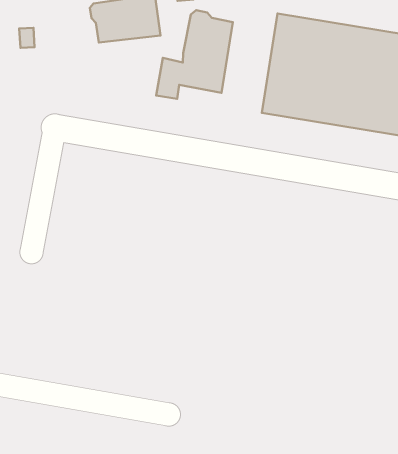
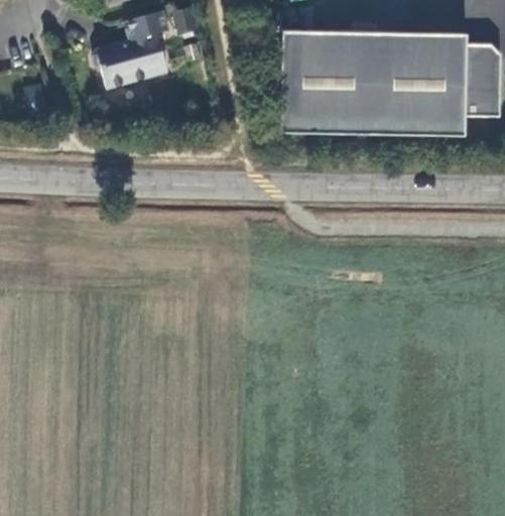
building: [156,10,233,99] -> none

